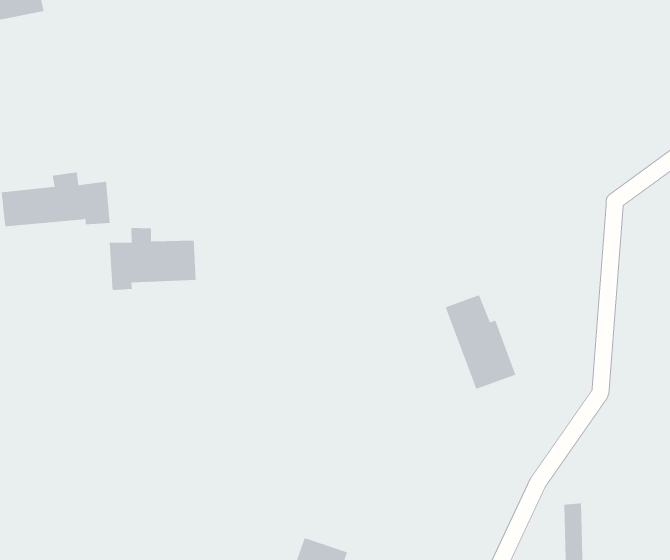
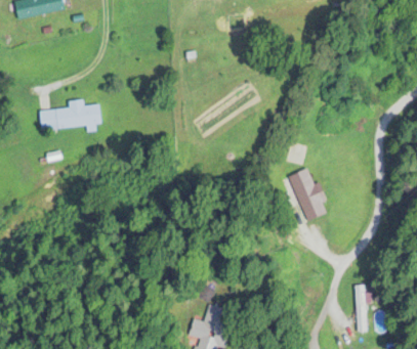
building: [109,227,196,291] -> none

